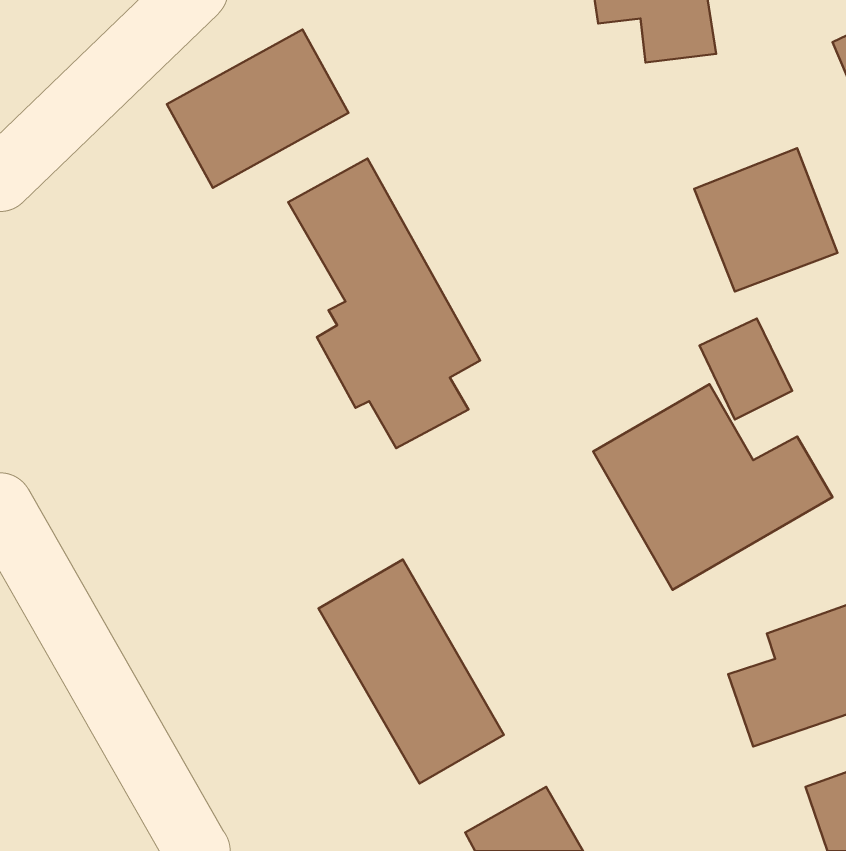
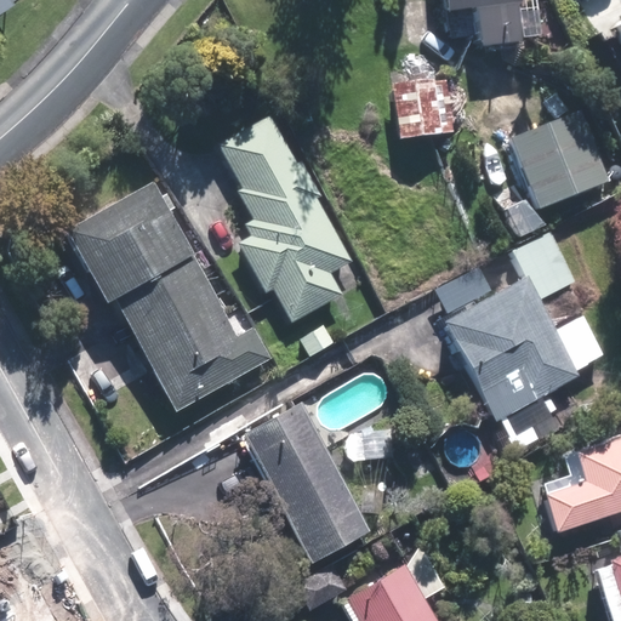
building: [167,29,348,188] -> none
building: none -> [392,75,456,141]
building: none -> [61,183,274,414]

